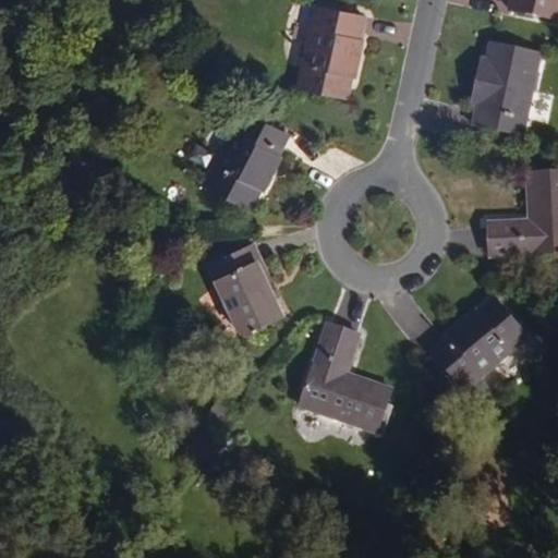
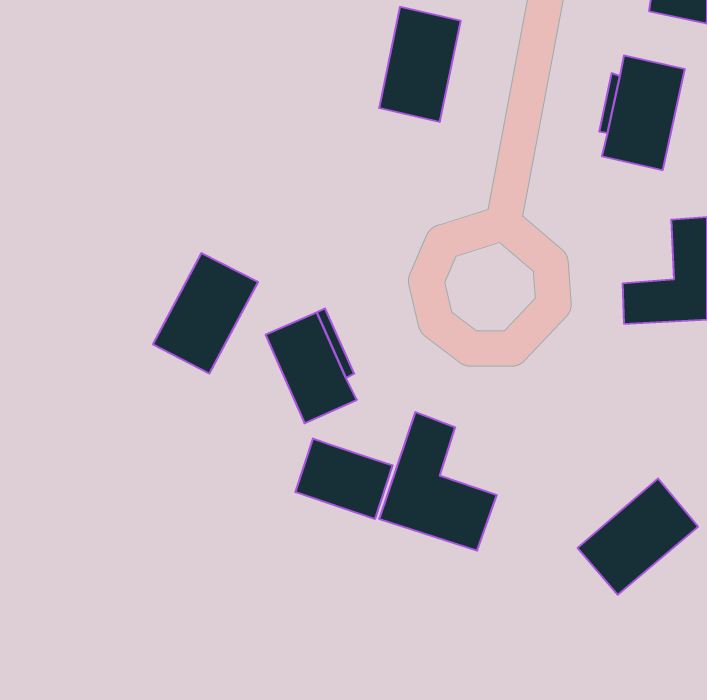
building: [204,110,287,205] -> [153,253,258,373]
building: [434,299,529,390] -> [578,478,698,595]
building: none -> [295,438,393,519]

